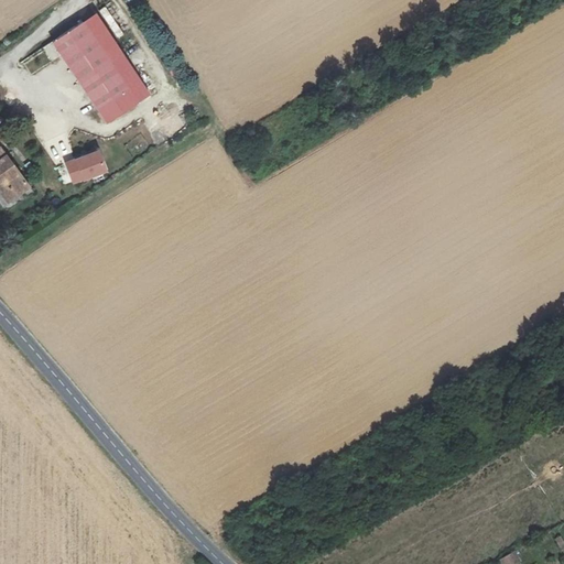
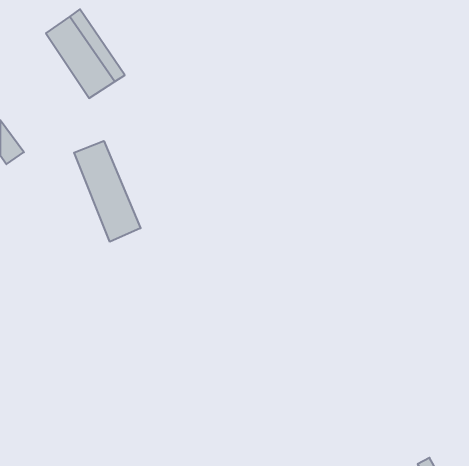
building: [63,154,104,186] -> none
building: none -> [74,141,141,242]

